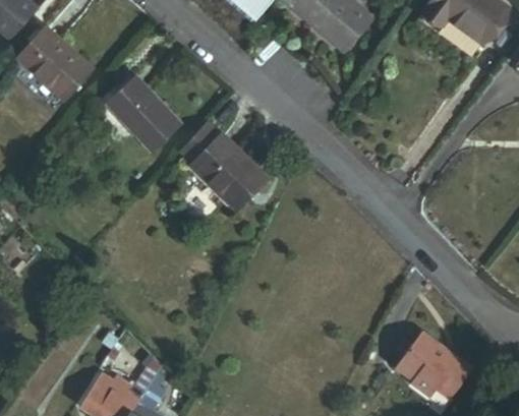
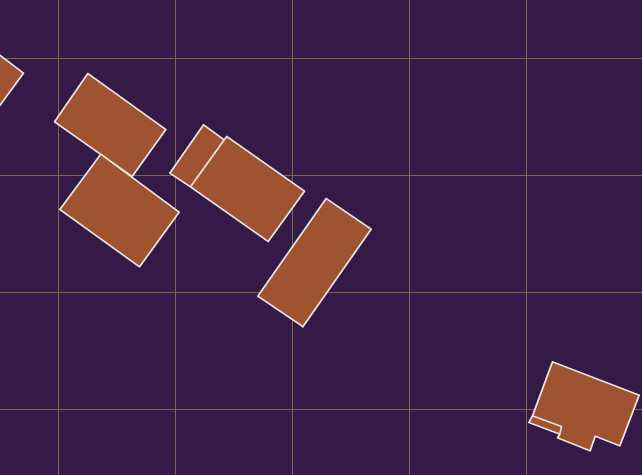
building: none -> [60,154,179,267]
building: none -> [258,199,371,327]

